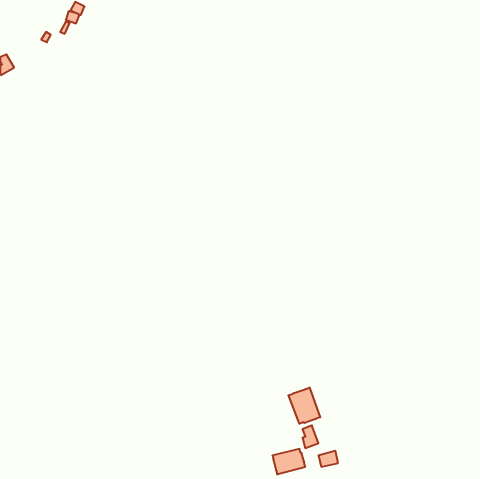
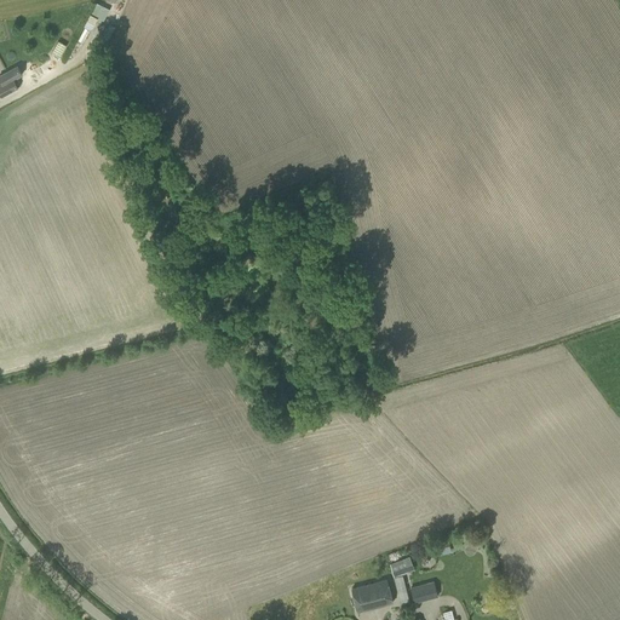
building: [288,387,320,424] -> none

